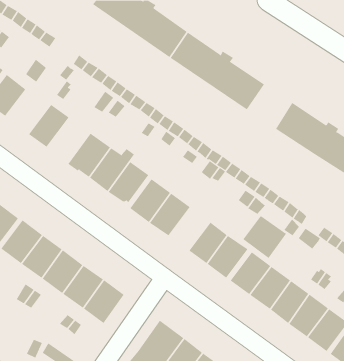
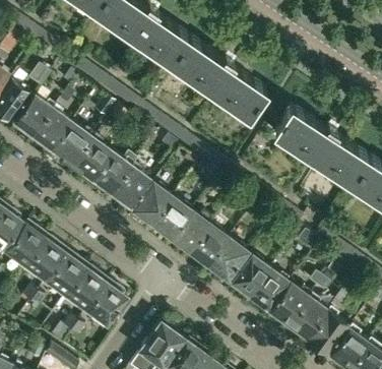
building: none -> [14,93,54,137]
building: none -> [50,121,92,167]
building: none -> [170,209,210,252]
building: [242,215,287,259] -> none

